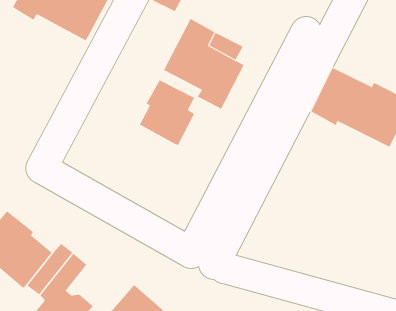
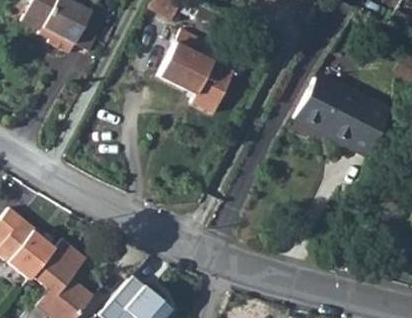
building: [139,79,195,146] -> none

